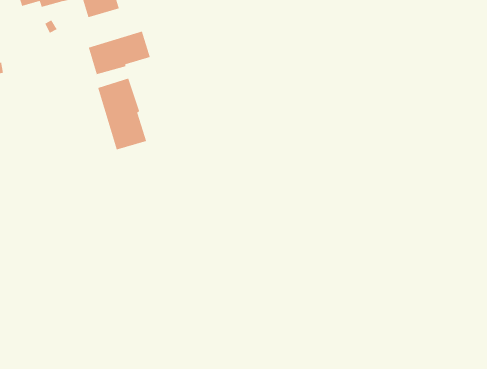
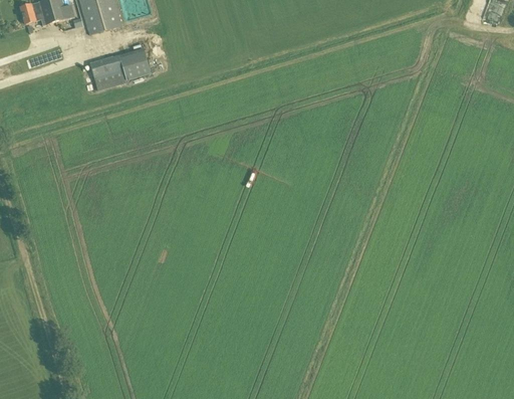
building: [97,78,147,151] -> none

